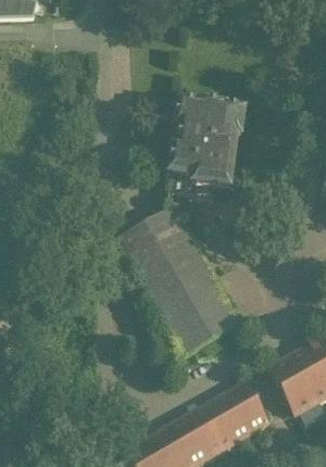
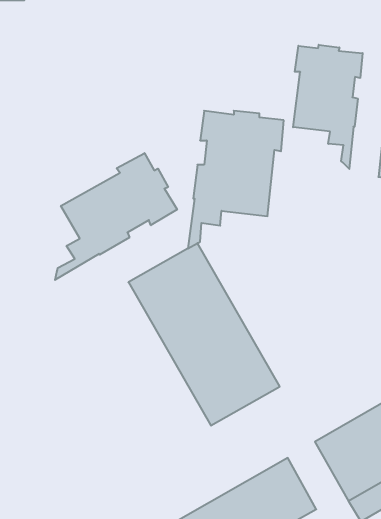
building: none -> [293,45,363,169]
building: none -> [55,153,177,280]

